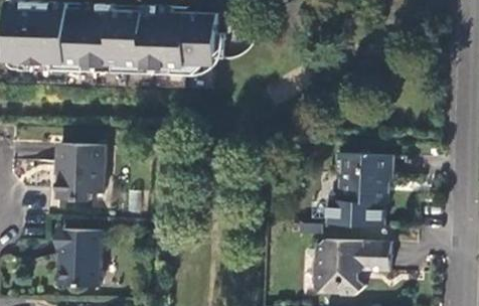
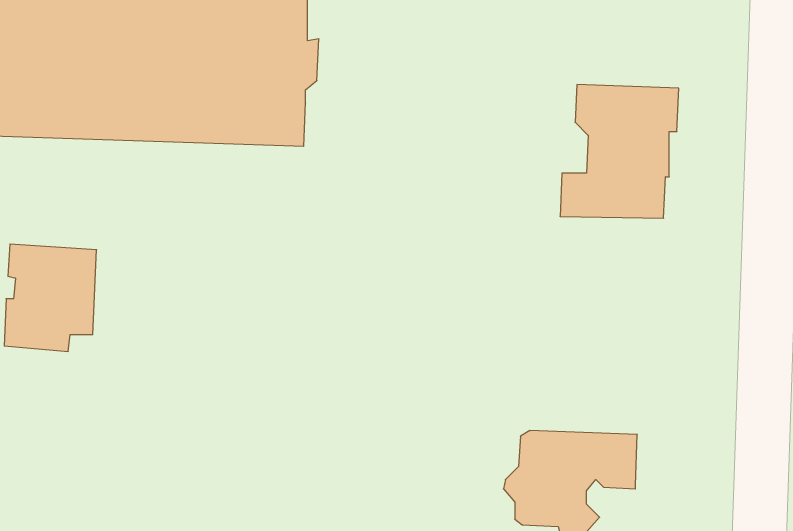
building: [327,153,390,224] -> [560,85,679,218]
building: [55,228,100,285] -> none

